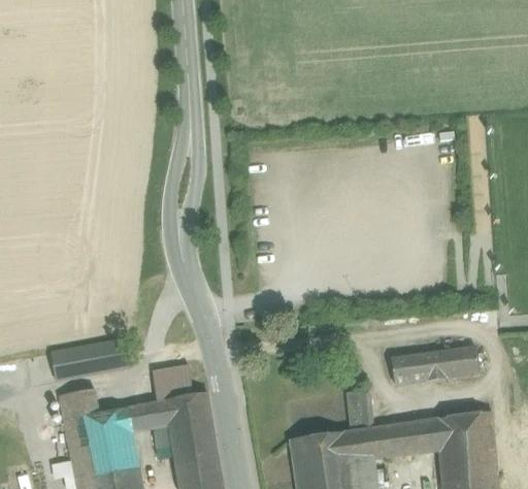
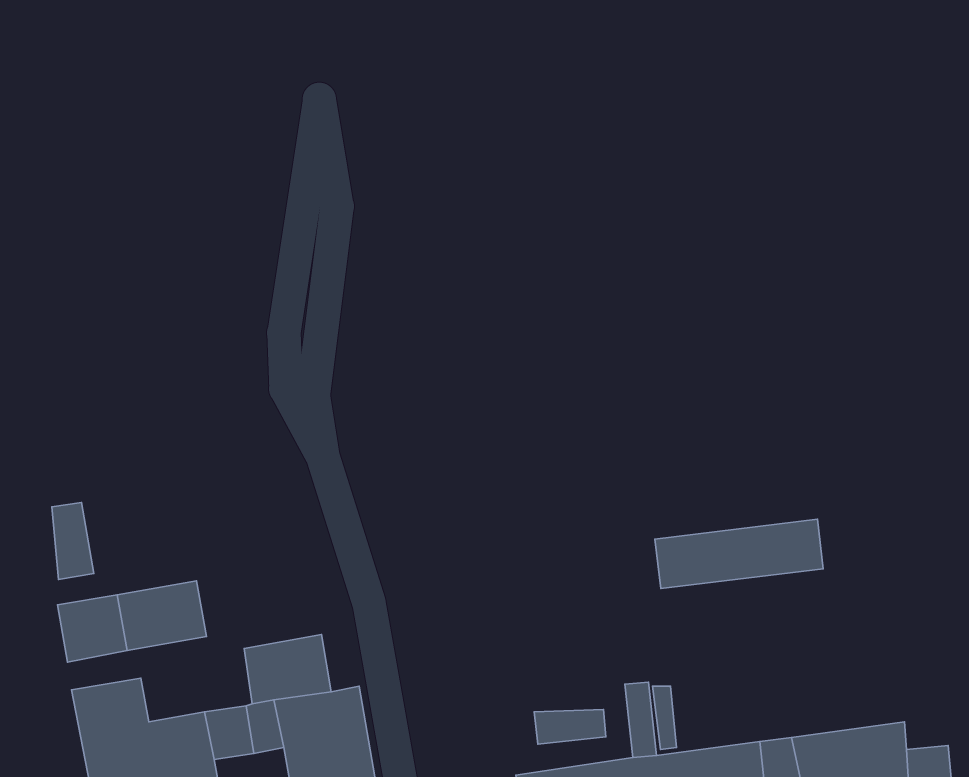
building: none -> [52,503,94,580]
building: [390,349,477,385] -> [655,519,823,589]
building: none -> [534,709,606,744]

